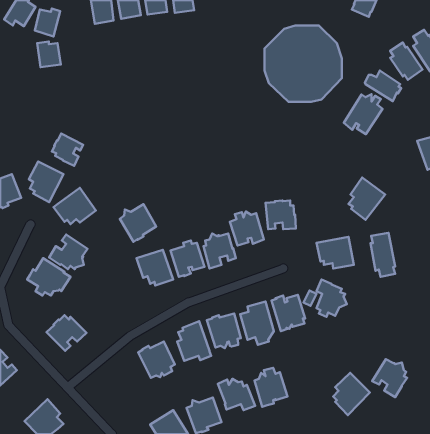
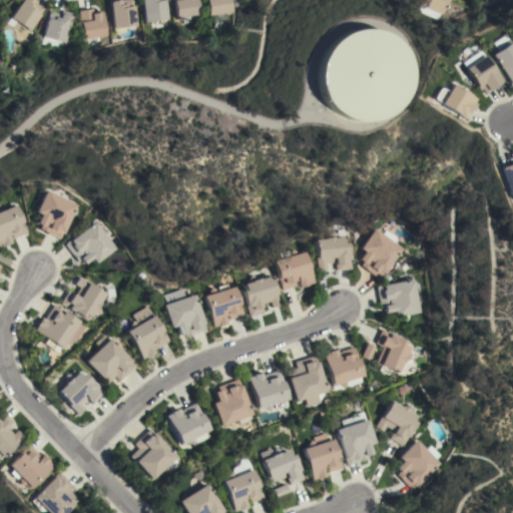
building: [37,42,61,67] -> [81,9,109,39]
building: [344,94,383,134] -> none
building: [52,134,83,166] -> none
building: [349,177,385,220] -> [361,228,404,279]
building: [120,204,156,242] -> [128,315,171,359]
building: [370,233,395,277] -> none
building: none -> [88,334,137,384]
building: none -> [338,411,377,466]
building: [372,359,407,397] -> [378,401,419,446]
building: none -> [131,429,179,479]
building: none -> [8,444,54,489]

